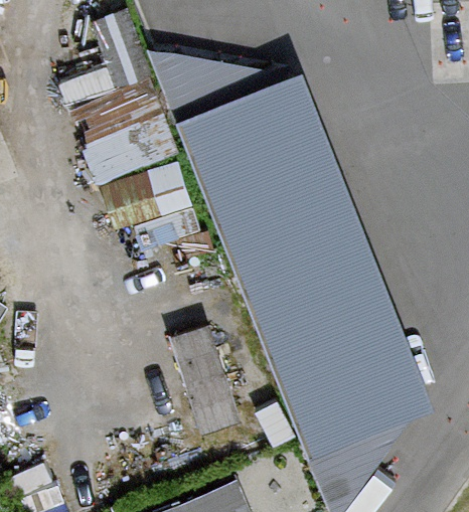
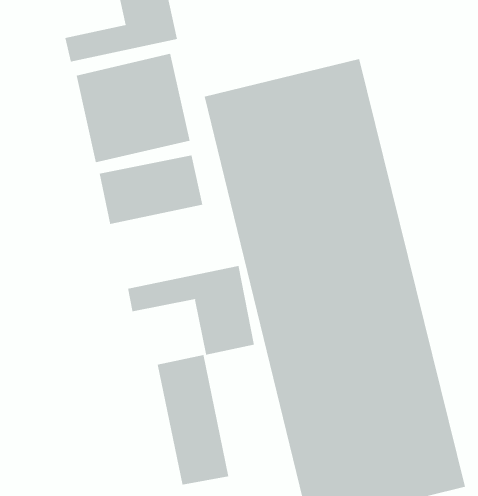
building: none -> [127,265,255,356]

